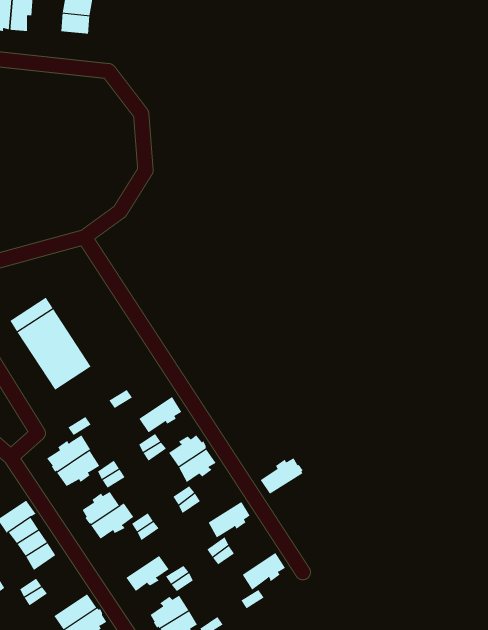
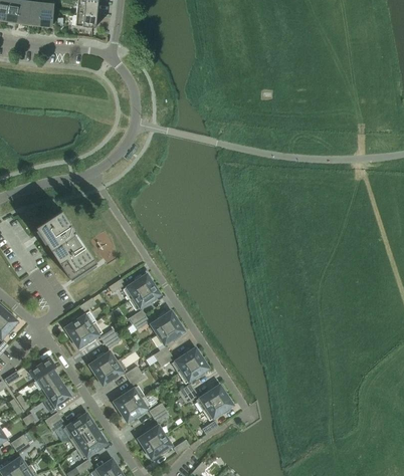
building: none -> [122,273,153,299]
building: [260,457,304,494] -> [171,346,202,373]
building: none -> [195,384,226,410]
building: none -> [113,385,144,412]
building: none -> [62,412,92,439]

